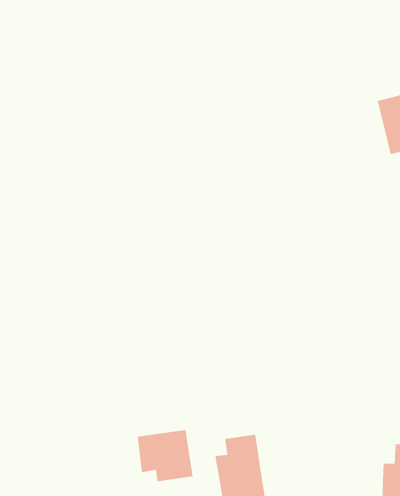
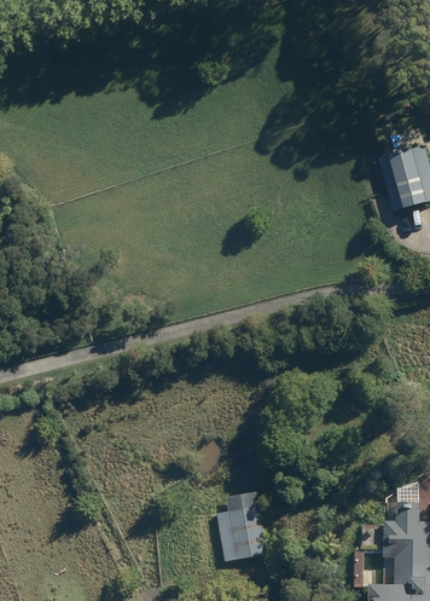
building: [137,429,193,482] -> none

